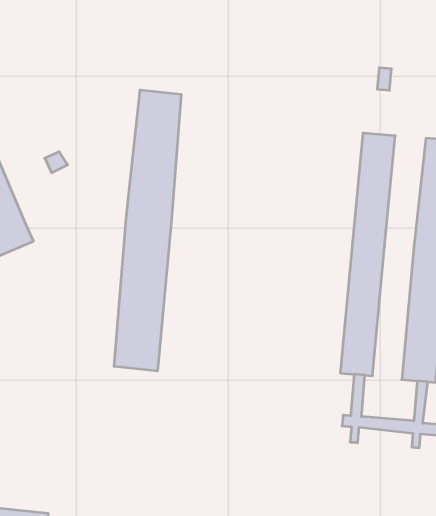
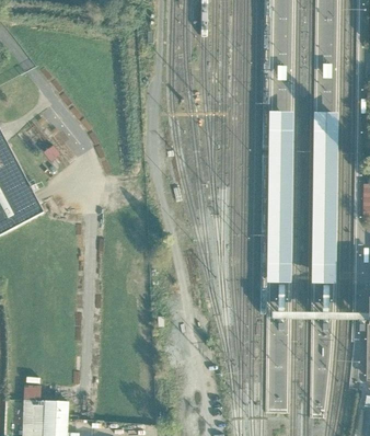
building: [114,90,181,371] -> none

